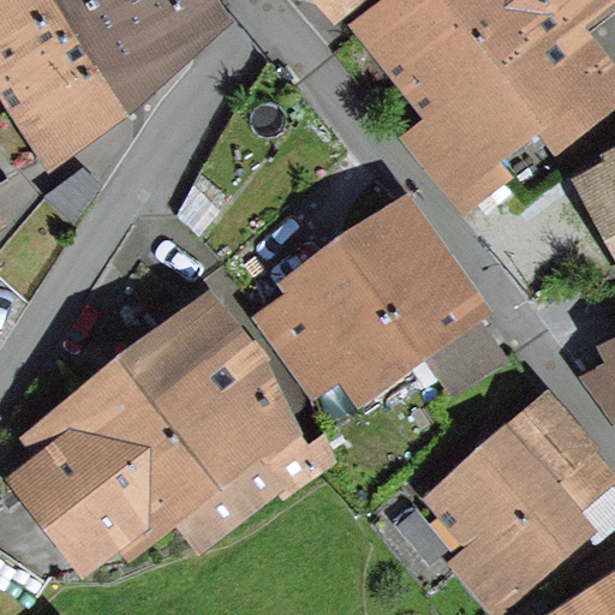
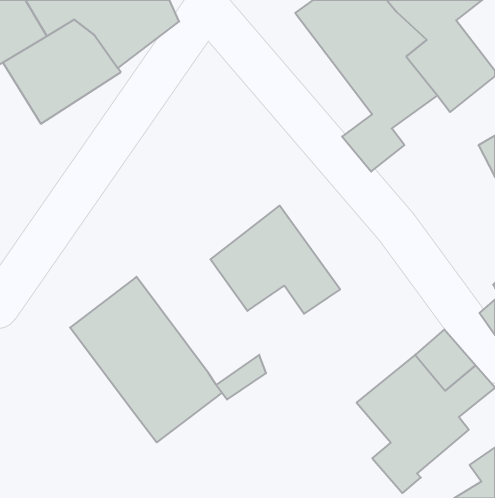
building: [345,203,531,395] -> none
building: [168,312,287,460] -> none
building: [26,404,166,555] -> none

